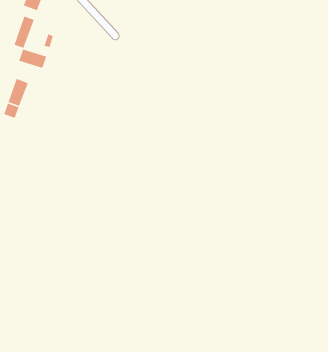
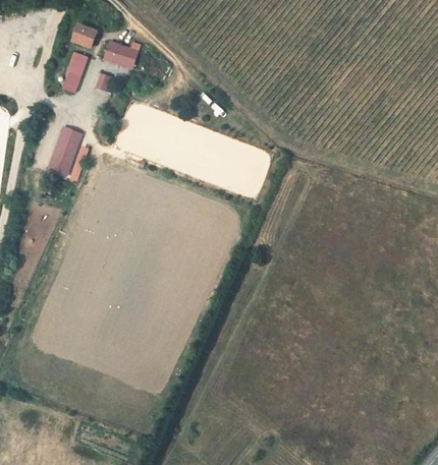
building: [18,48,47,69] -> [104,43,139,67]

